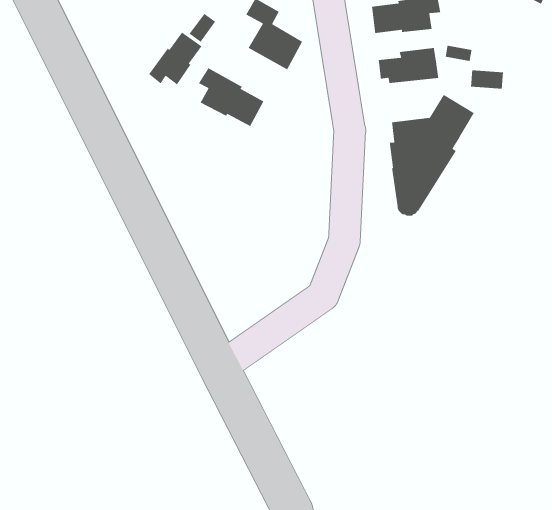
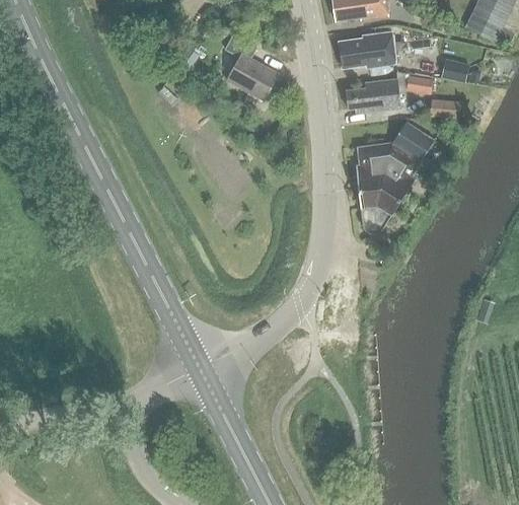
building: none -> [441,57,469,82]
building: [148,31,202,85] -> none
building: [198,67,264,127] -> none

